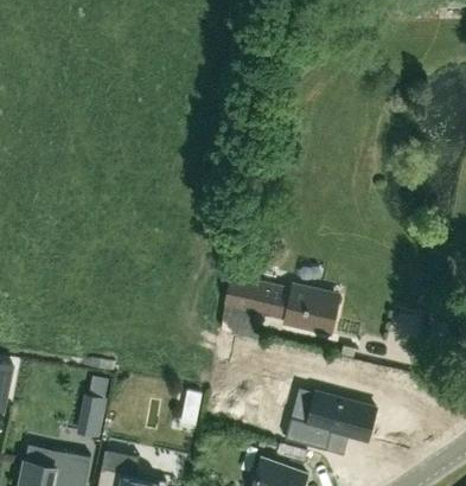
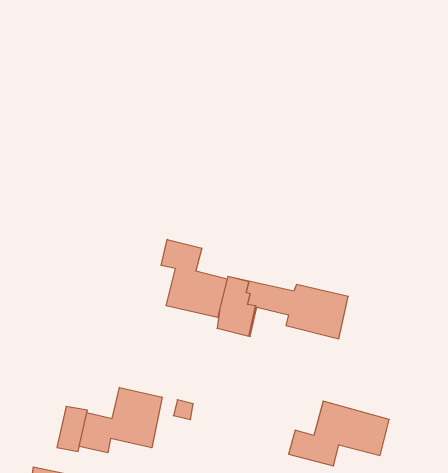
building: none -> [161,239,227,317]
building: none -> [79,387,162,453]

